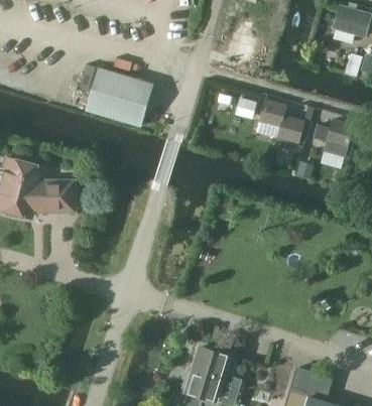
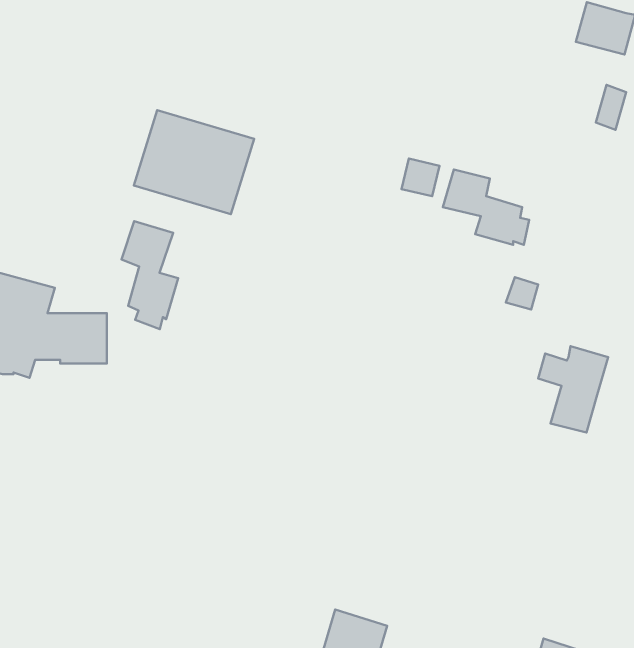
building: [315,120,354,168] -> [538,346,608,433]
building: none -> [122,221,178,329]

